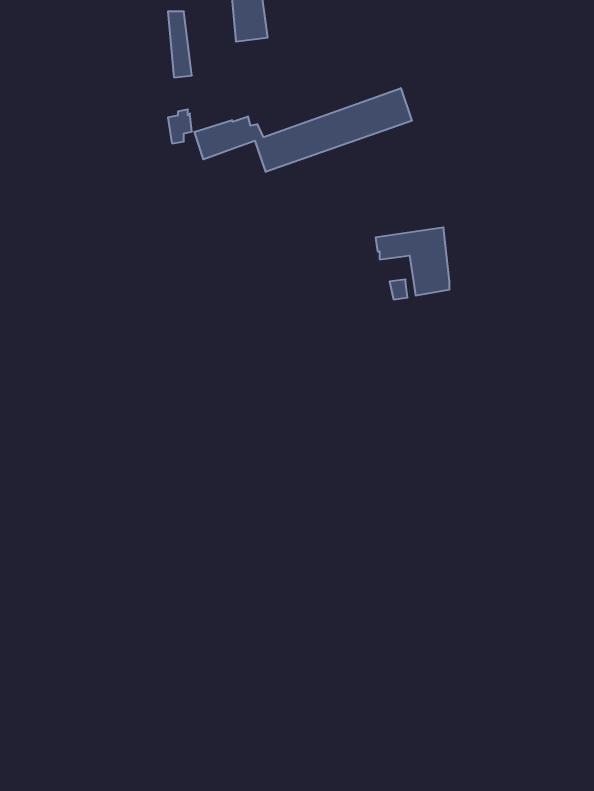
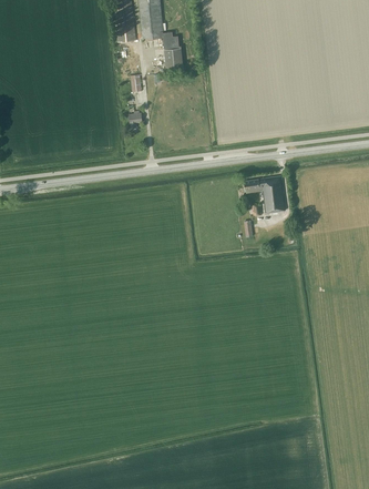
building: [194,88,412,172] -> none

